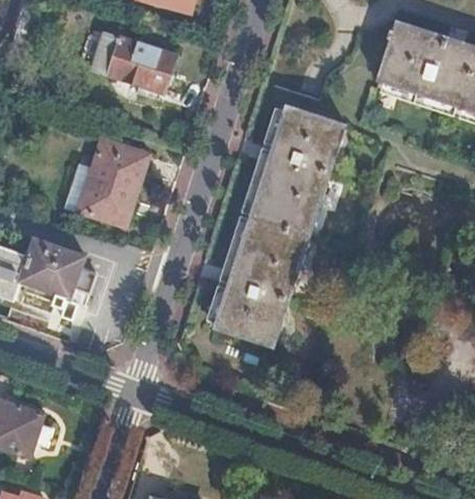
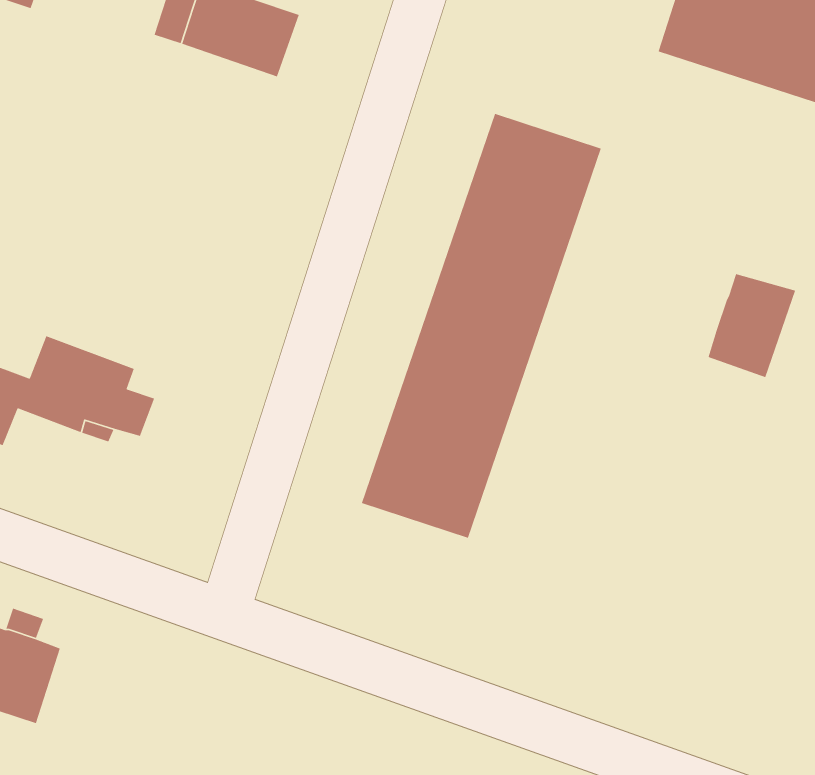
building: [77,138,148,224] -> none
building: none -> [707,273,796,378]

